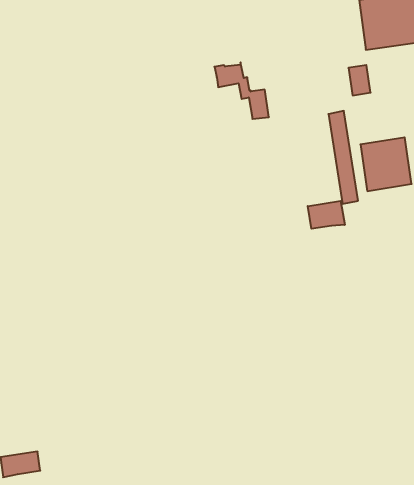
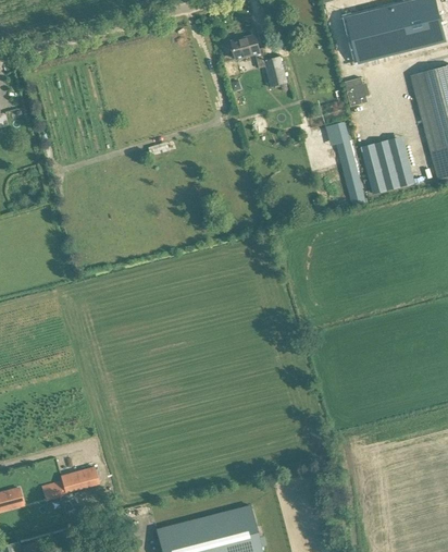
building: [214,62,269,119] -> [232,34,287,85]
building: [308,201,345,229] -> none

